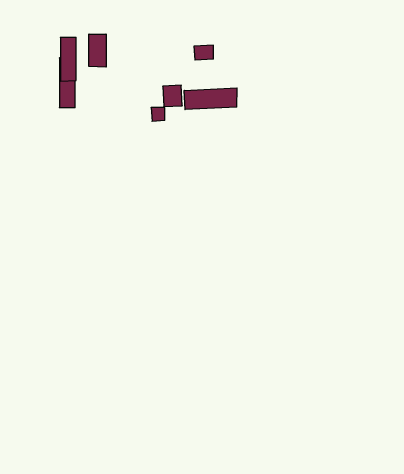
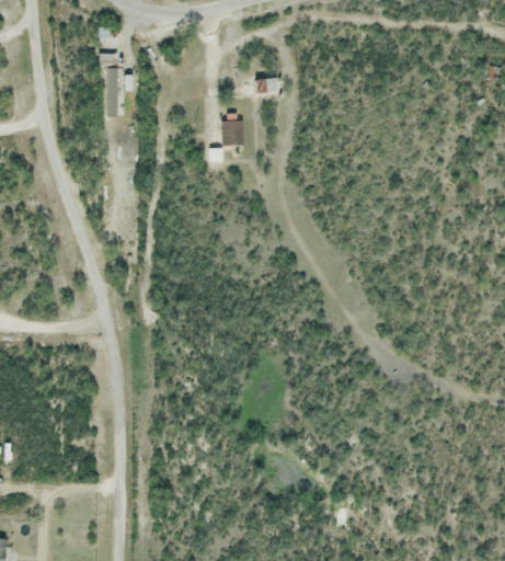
building: [89,34,106,67] -> none
building: [184,88,237,110] -> none

